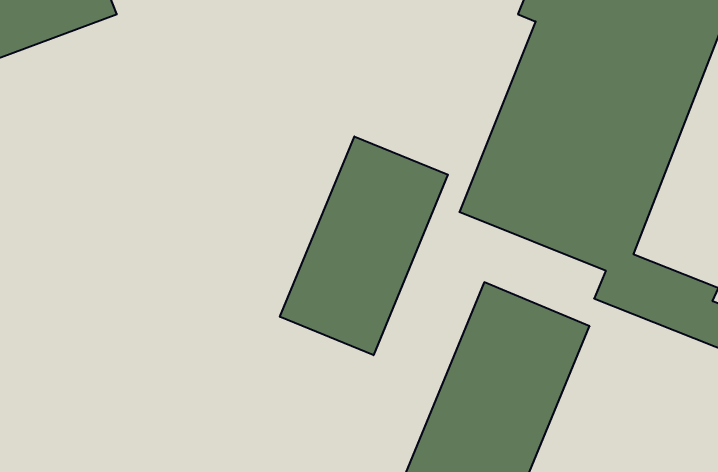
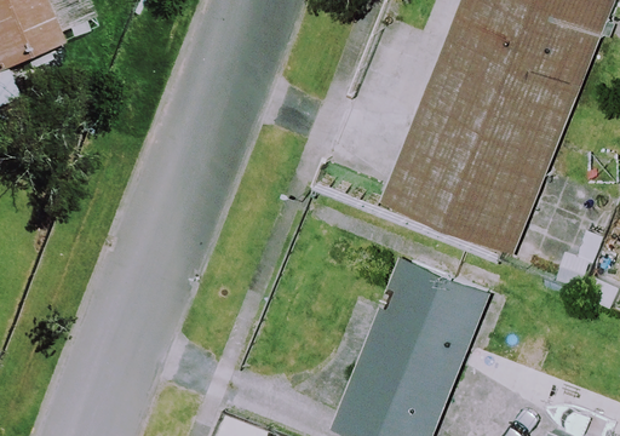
building: [280,136,448,355] -> none

